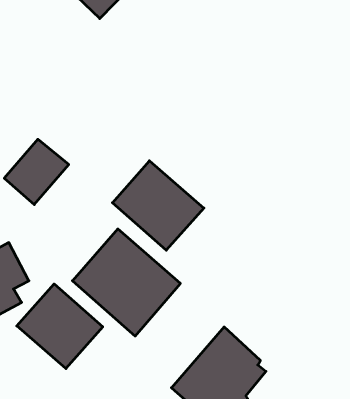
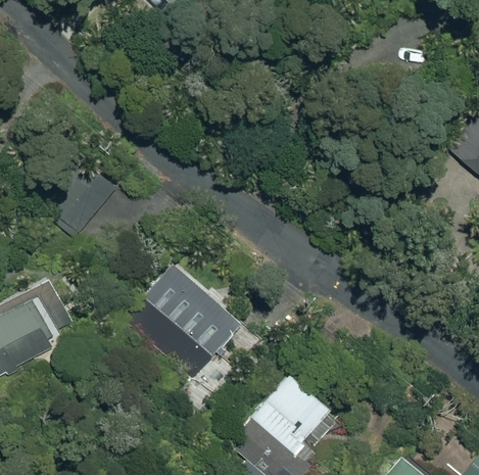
building: [112,161,204,250] -> none
building: [17,284,103,369] -> none

